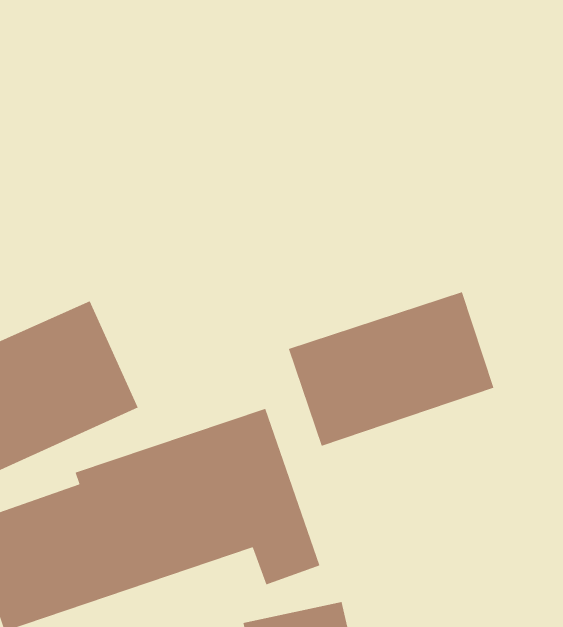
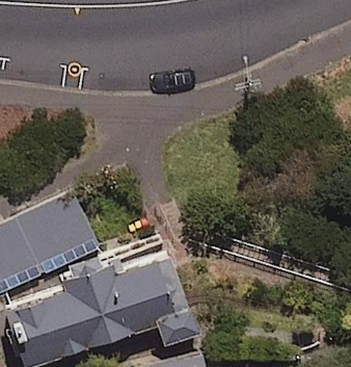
building: [288,291,494,447] -> none

